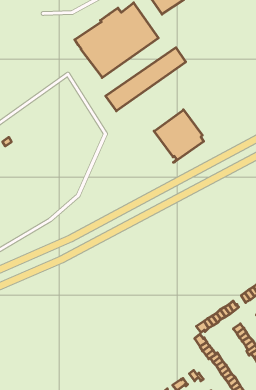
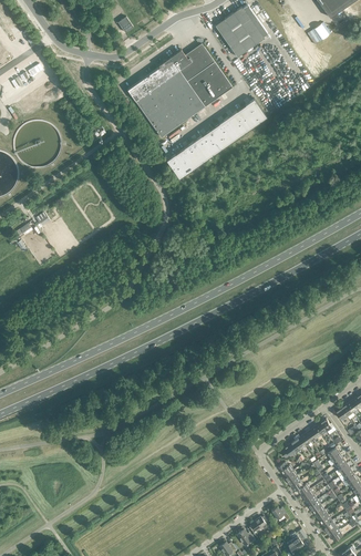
building: [154,110,204,162] -> none

